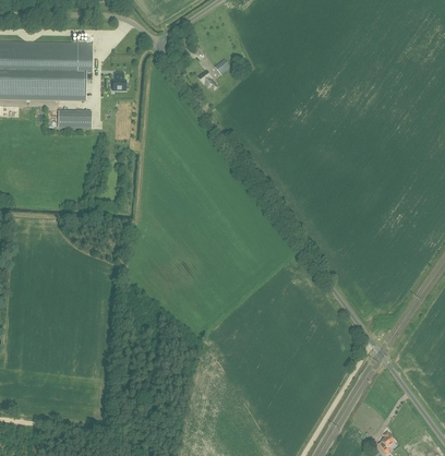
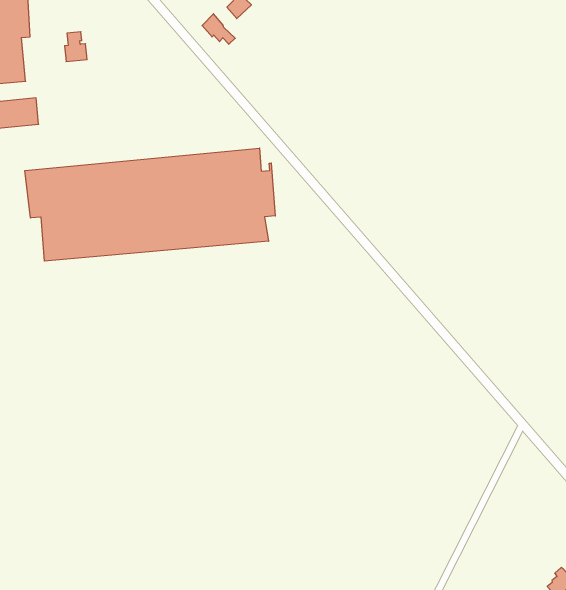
building: none -> [25,148,275,261]

